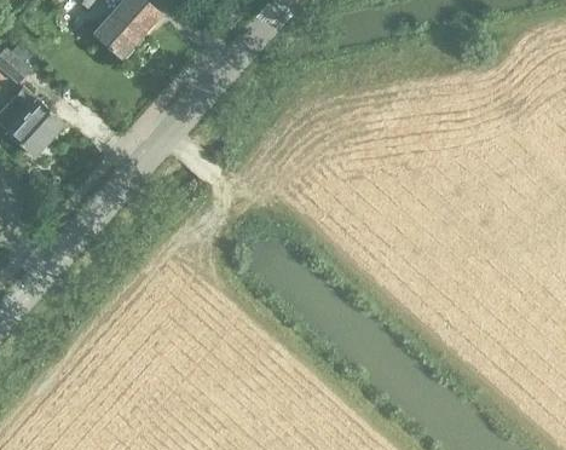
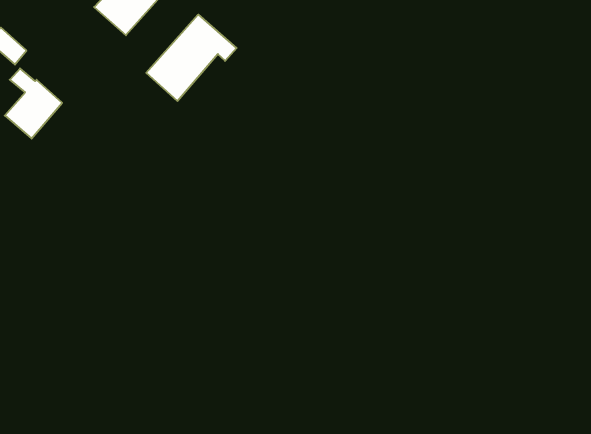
building: none -> [146,15,237,101]

